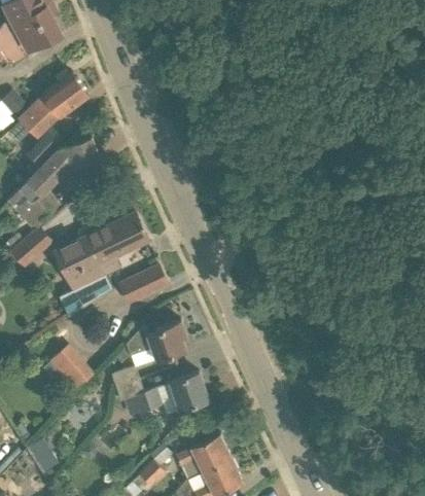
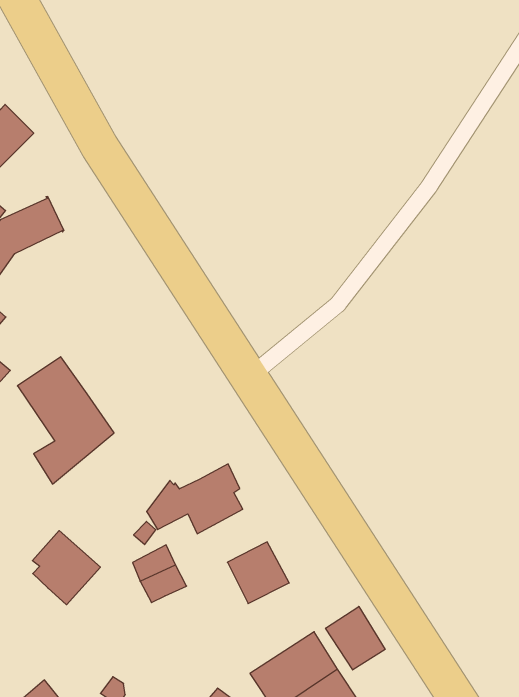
building: [84,213,148,263] -> none
building: [119,265,167,303] -> none
building: [129,389,162,415] -> none
building: none -> [326,606,385,670]

